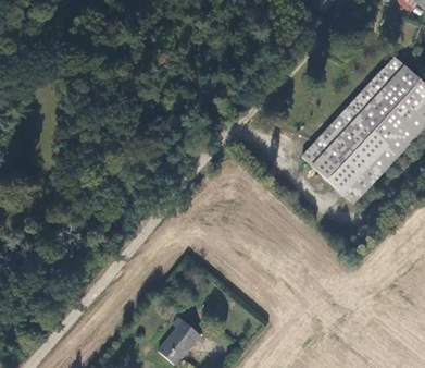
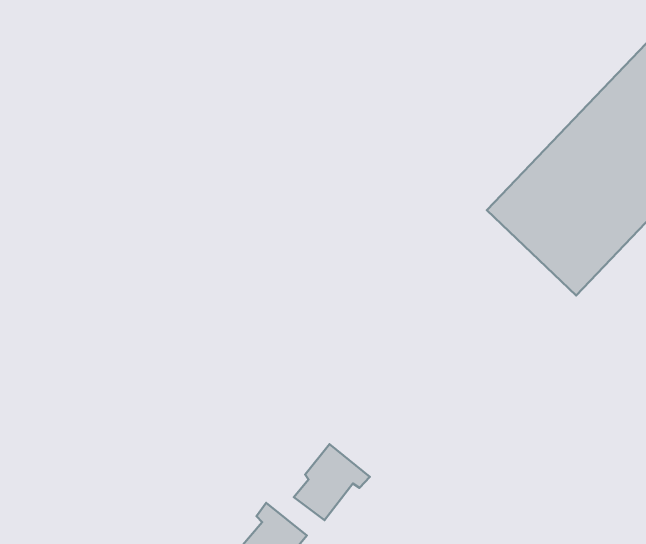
building: none -> [294,444,370,520]

